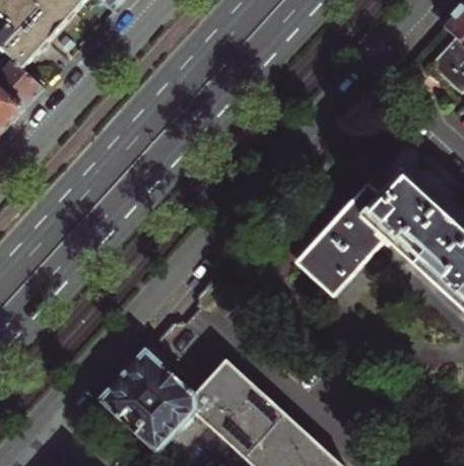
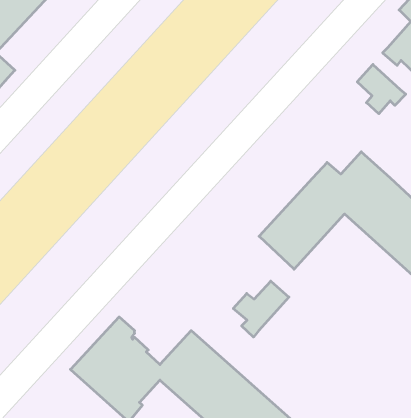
building: none -> [357,64,406,114]
building: none -> [233,281,289,337]

